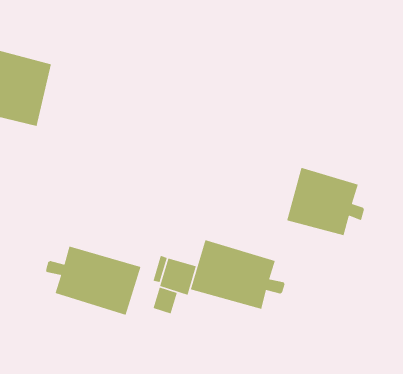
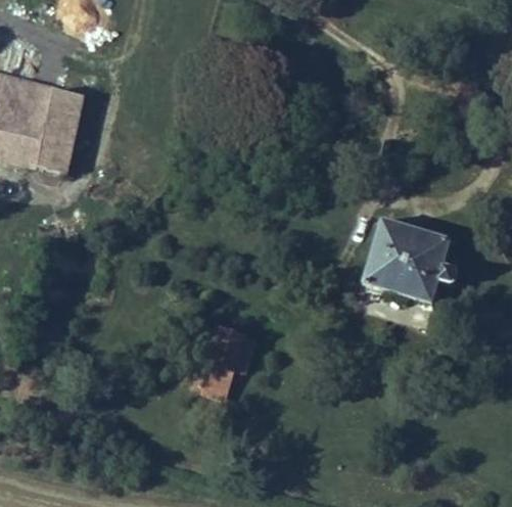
building: [190,239,285,310] -> none
building: [45,246,141,316] -> none

